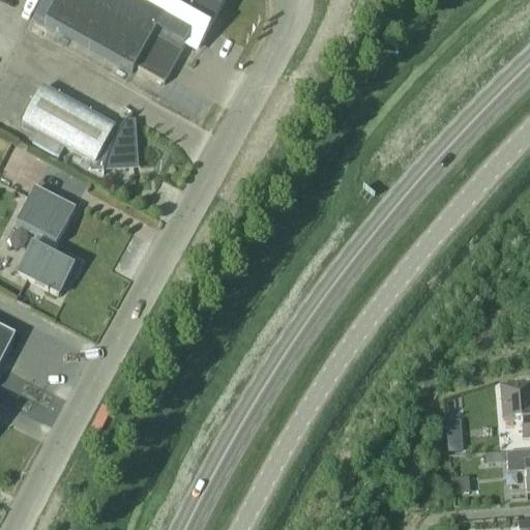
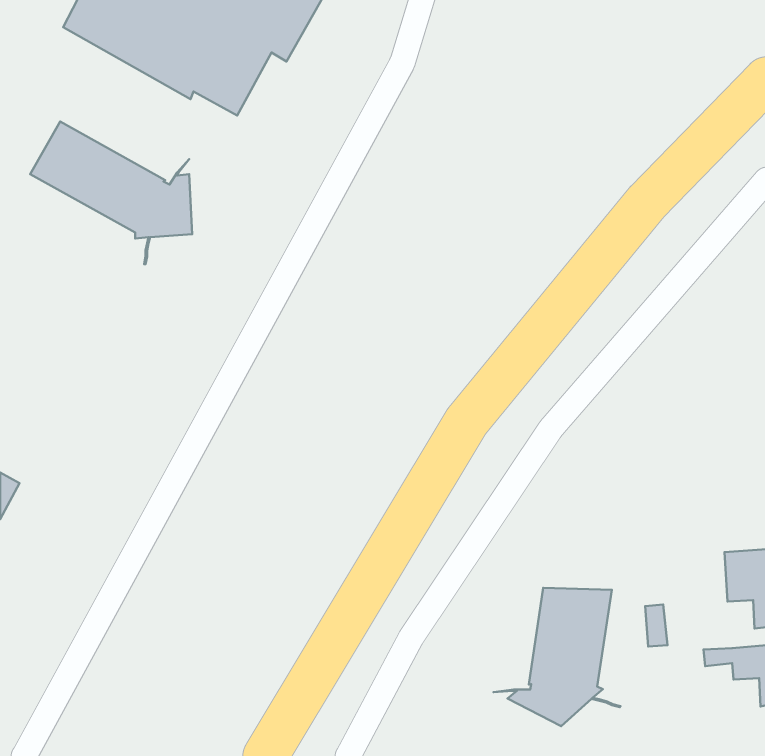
building: [16,184,76,292] -> none
building: none -> [494,588,621,726]

